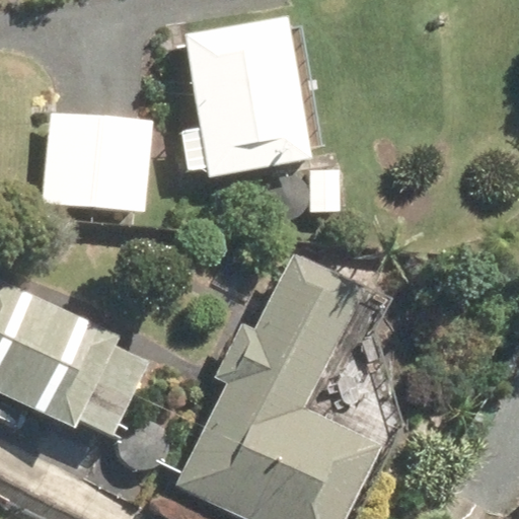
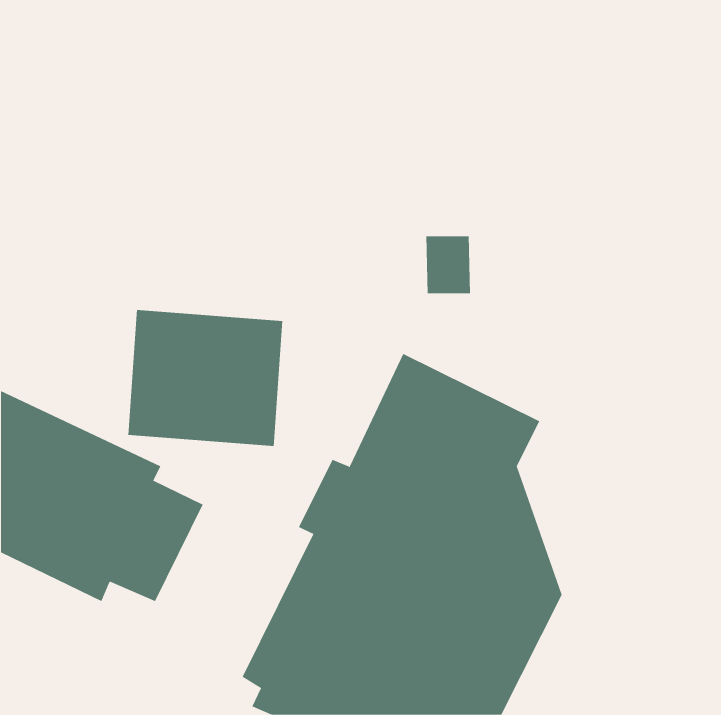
building: [183,17,308,177] -> none
building: [41,113,152,211] -> [128,309,283,446]

